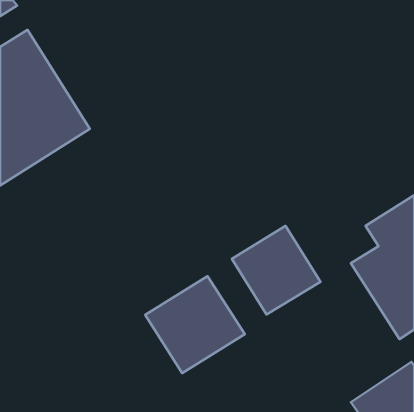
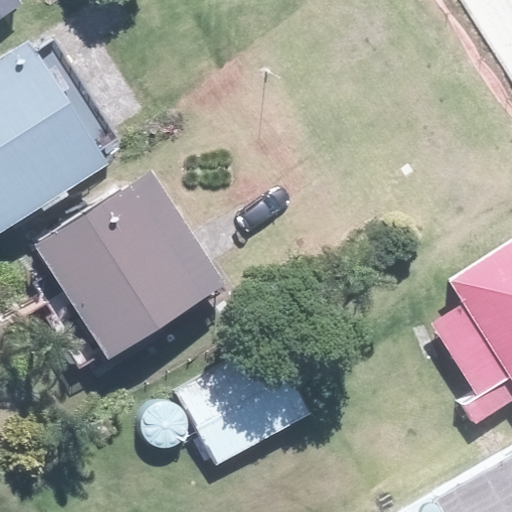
building: none -> [39,175,225,358]
building: [232,226,321,315] -> none

